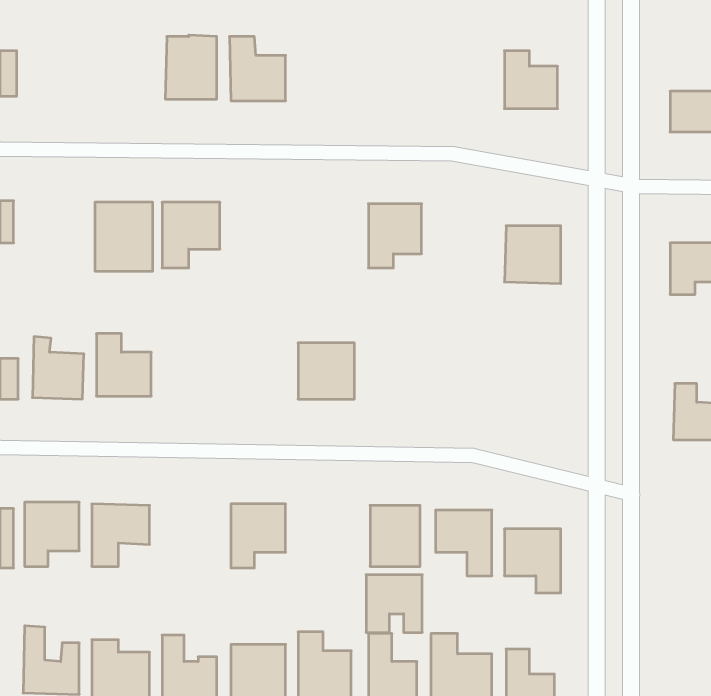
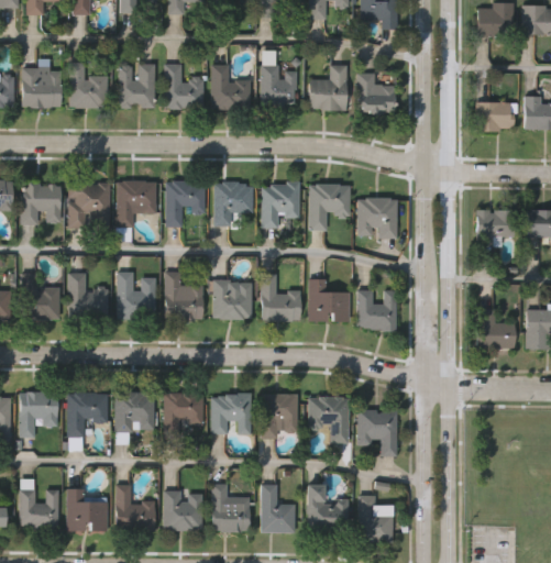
building: none -> [69,63,108,108]
building: none -> [211,65,251,109]
building: none -> [309,65,348,110]
building: none -> [261,66,297,106]
building: none -> [22,67,62,108]
building: none -> [166,180,206,225]
building: none -> [214,181,253,224]
building: none -> [23,183,62,223]
building: none -> [309,183,350,229]
building: none -> [118,272,157,318]
building: none -> [165,272,203,319]
building: none -> [261,274,300,320]
building: none -> [309,278,350,321]
building: none -> [357,289,396,329]
building: none -> [115,393,155,431]
building: [366,575,422,632] -> [212,394,252,434]

